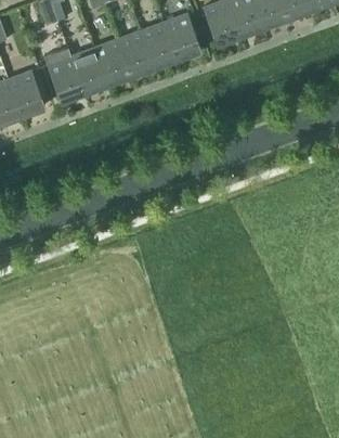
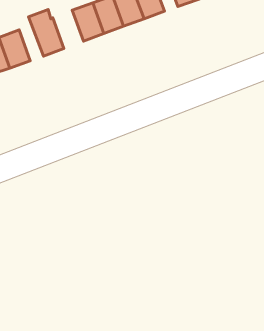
building: [70,48,106,92] -> none

